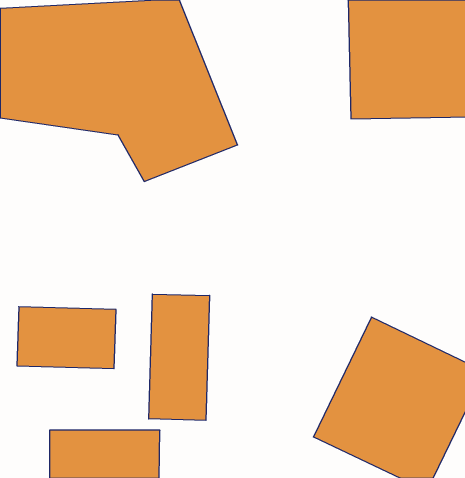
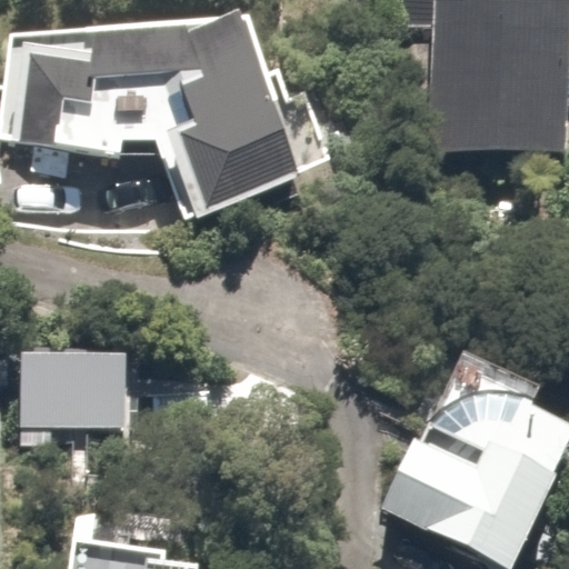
building: [149,294,210,420] -> none

